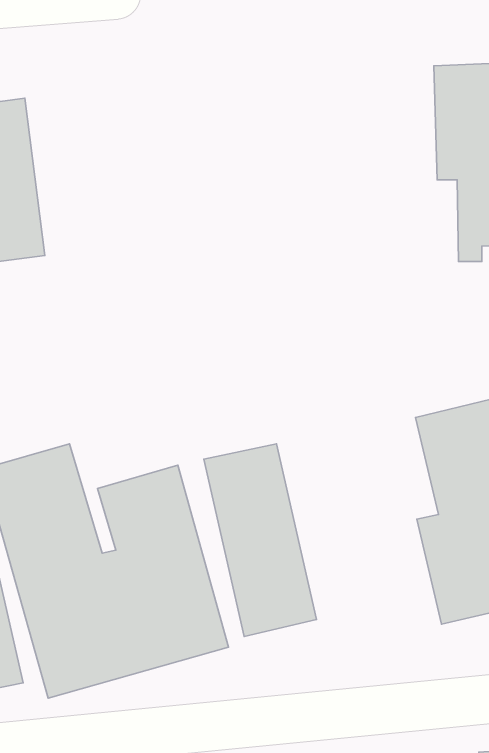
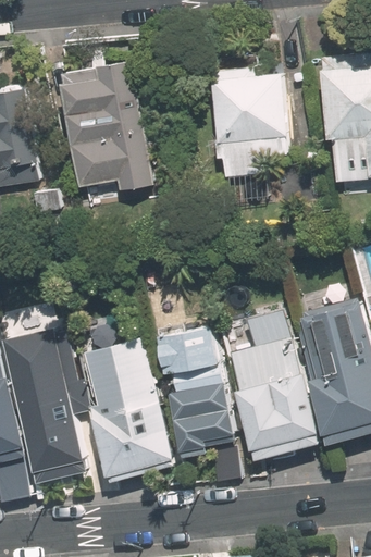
building: none -> [59,62,152,188]
building: none -> [211,70,279,175]
building: none -> [228,306,323,462]

